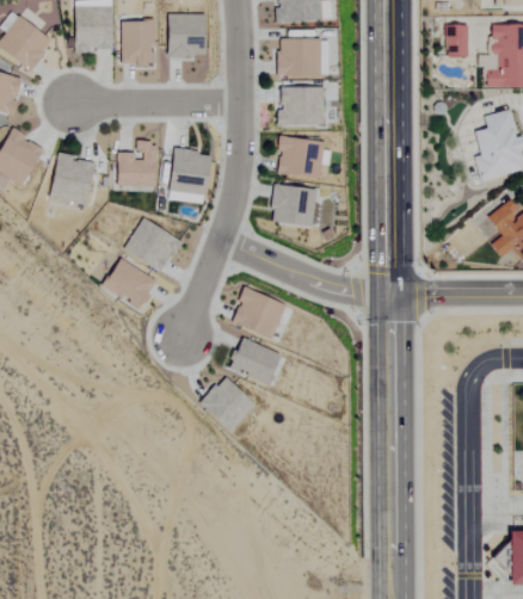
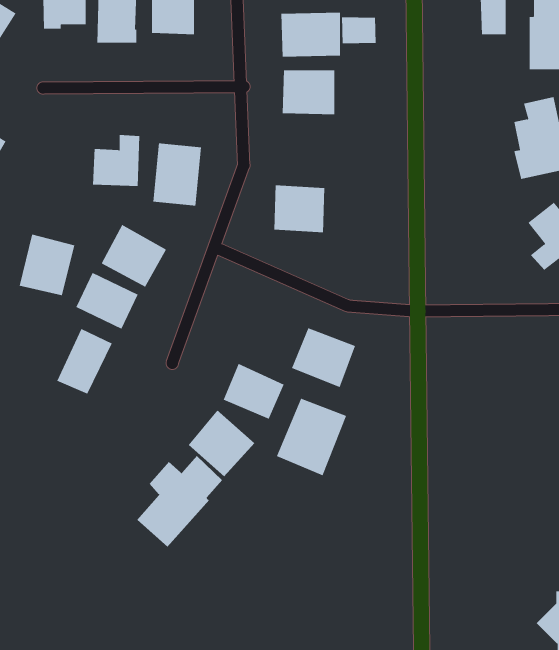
building: none -> [342,17,376,44]
building: [277,135,326,178] -> none
building: [49,152,97,204] -> [19,234,75,296]
building: [230,288,285,339] -> [291,327,356,388]
building: none -> [57,328,112,395]
building: none -> [276,398,347,476]
building: none -> [136,455,223,548]

